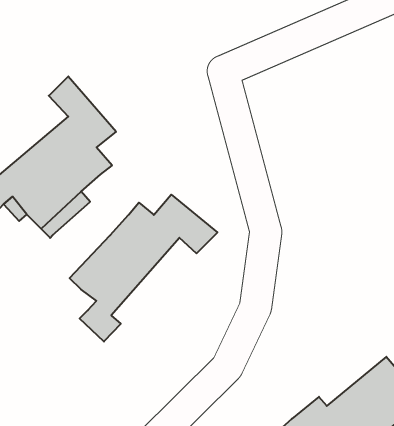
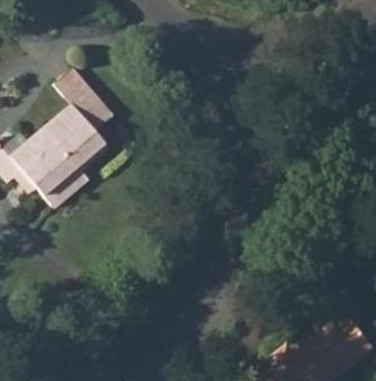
building: [70,195,217,342] -> none

